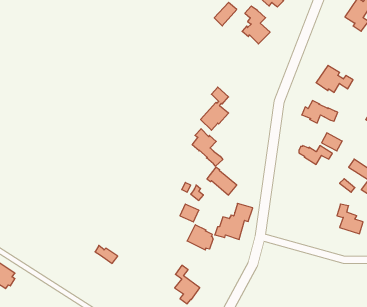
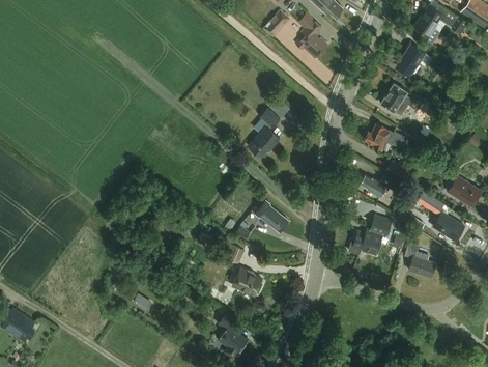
building: none -> [396,45,433,77]
building: [192,129,223,166] -> none
building: [215,203,253,239] -> [348,216,392,257]

